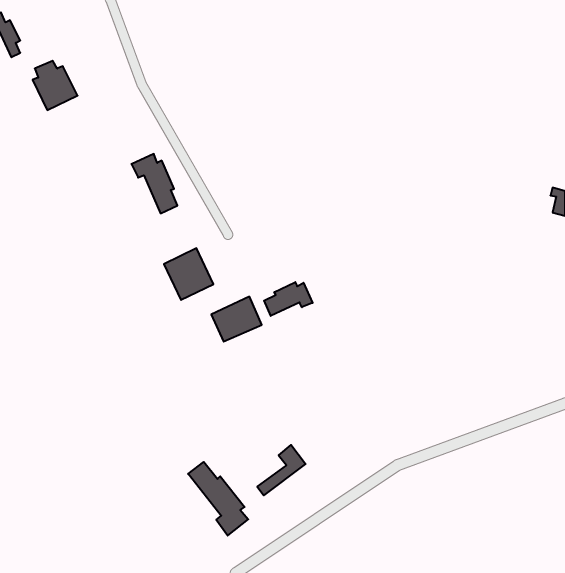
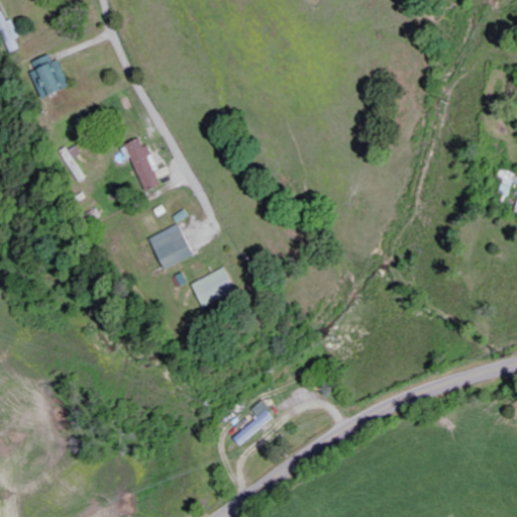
building: [264,282,313,316] -> none
building: [188,462,248,536] -> none

